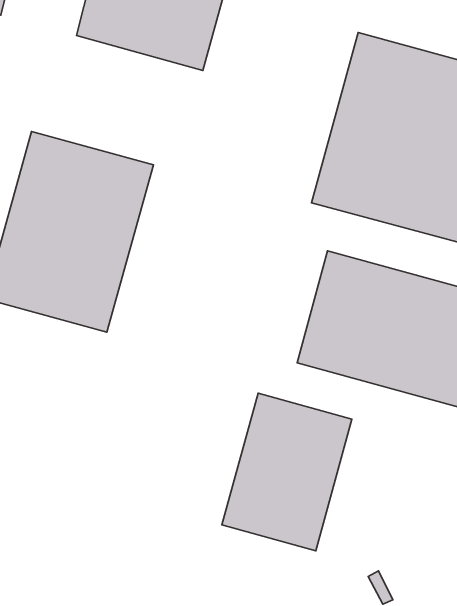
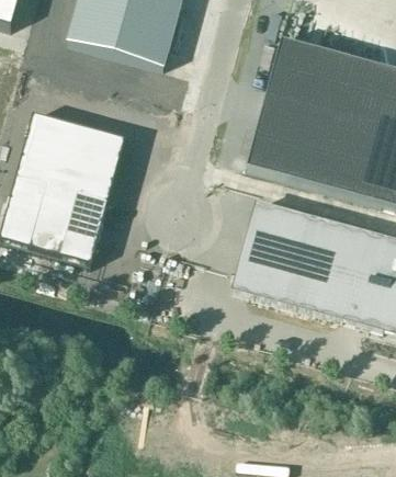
building: [222,393,352,551] -> none

